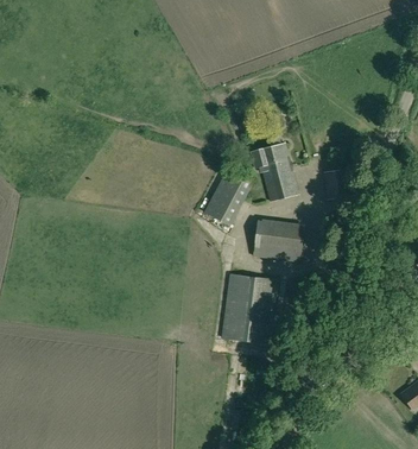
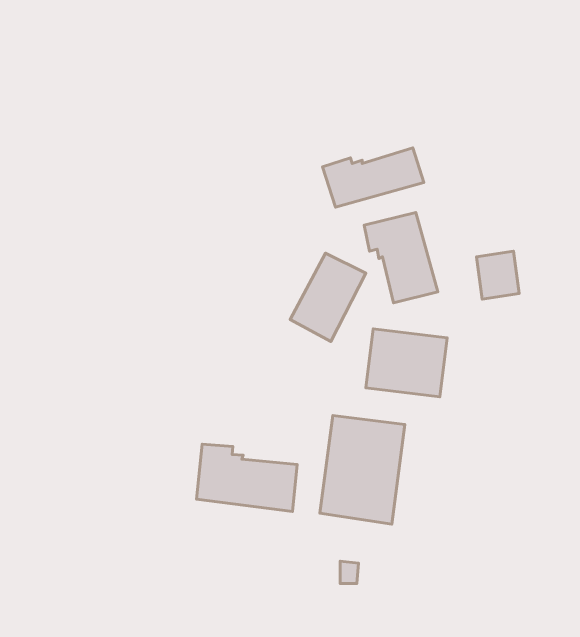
building: none -> [322,148,424,207]
building: none -> [197,444,297,512]

